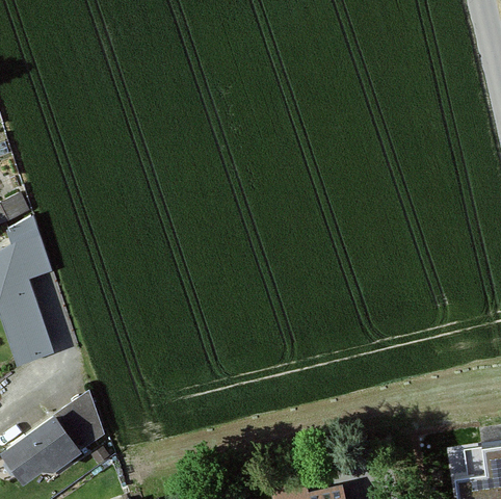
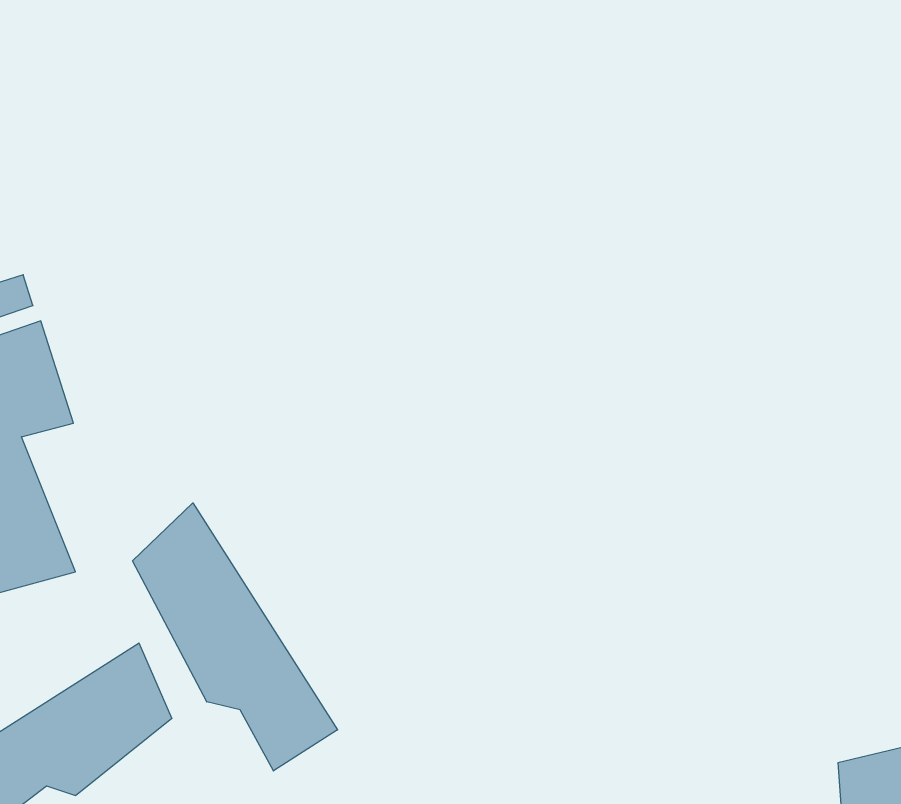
building: none -> [133,503,338,771]

